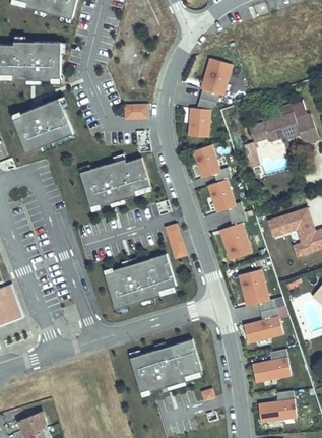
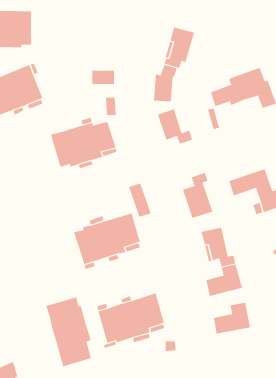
building: [207,179,243,216] -> none
building: none -> [46,296,92,367]
building: [257,390,296,422] -> none

